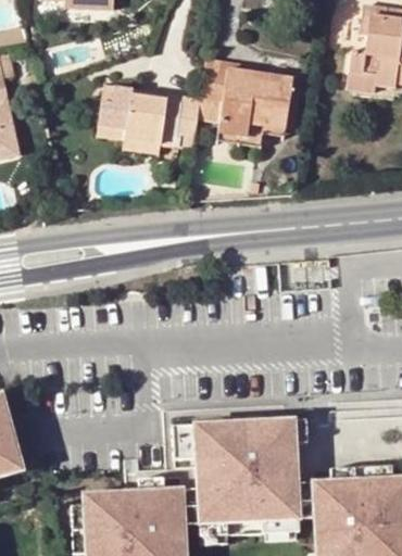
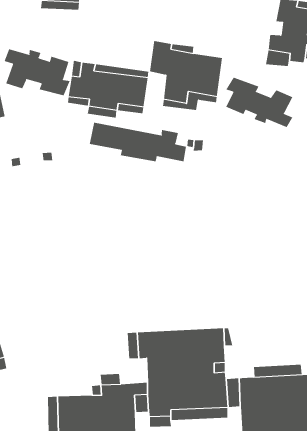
building: none -> [4,49,71,96]
building: none -> [226,77,293,128]
building: none -> [89,122,186,162]

